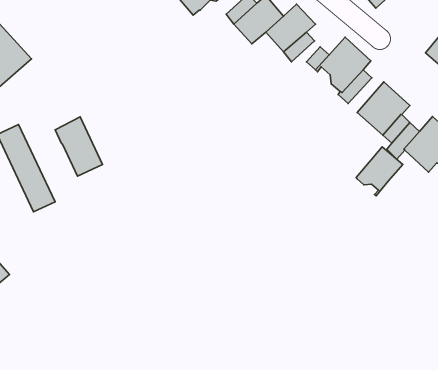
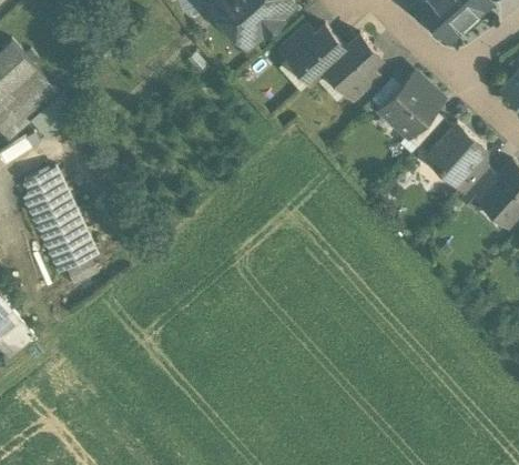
building: [55,117,102,176] -> none
building: [356,147,403,196] -> none

